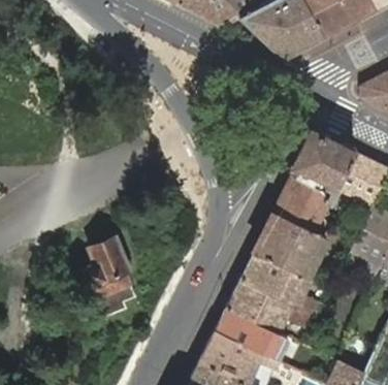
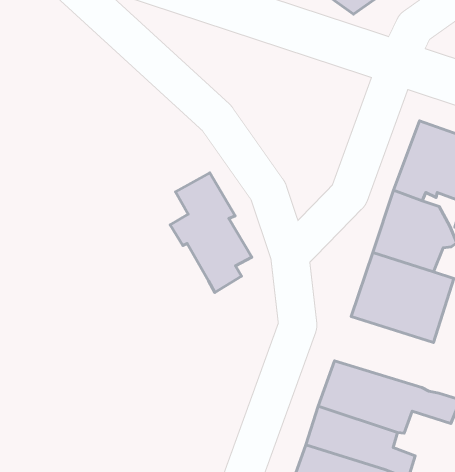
building: [87,240,136,318] -> [170,173,252,293]
building: [241,253,313,310] -> none

